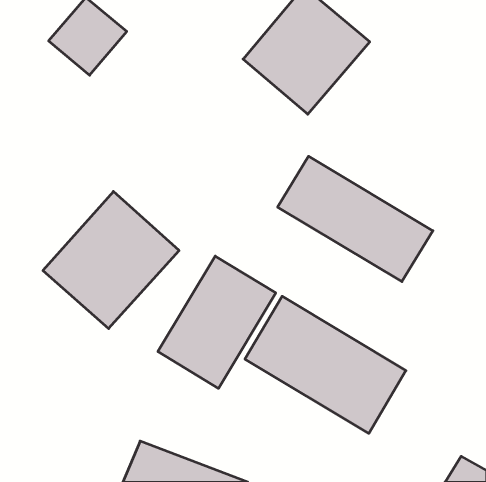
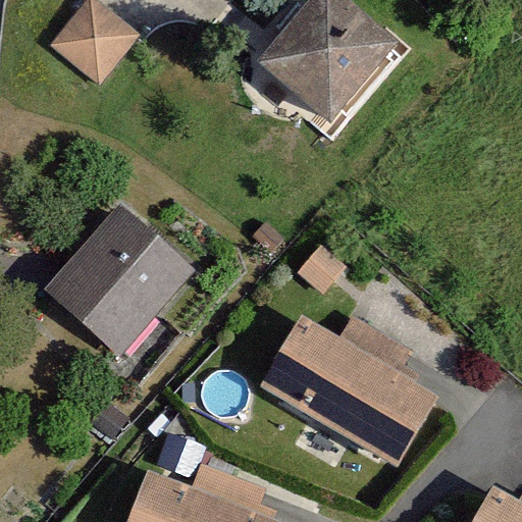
building: [278,156,433,282] -> none
building: [158,256,276,388] -> none

